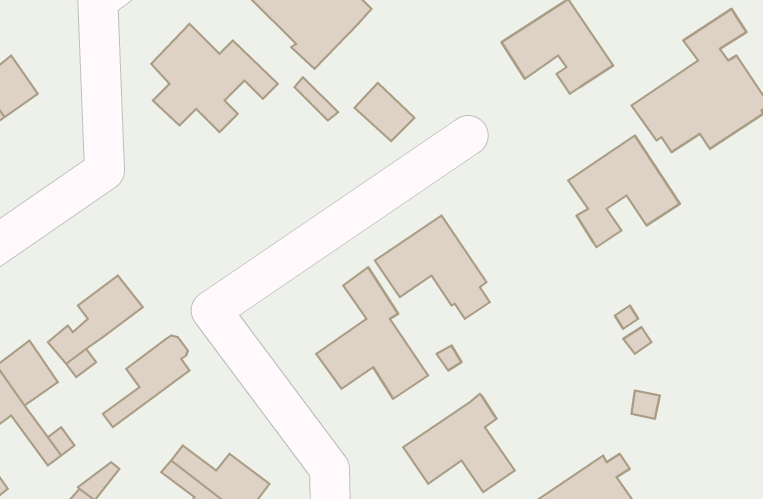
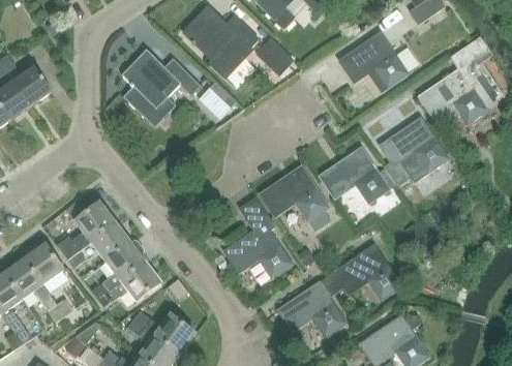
building: [355,83,415,141] -> [255,38,293,74]
building: none -> [320,148,395,203]
building: none -> [91,223,130,262]
building: none -> [326,245,402,301]
building: none -> [97,263,161,307]

